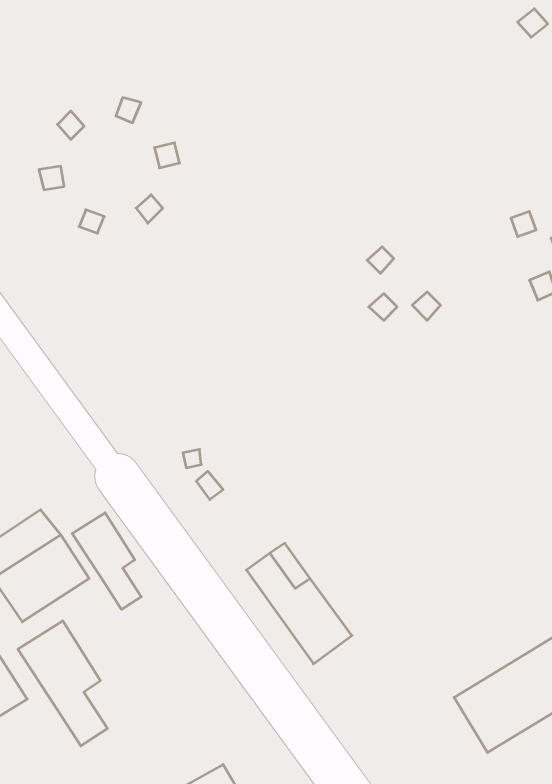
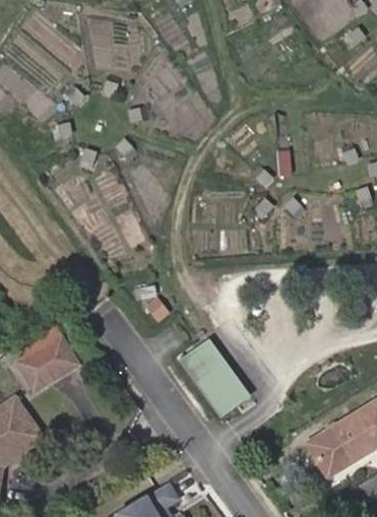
building: [72,513,141,609] -> none
building: [18,621,107,746] -> none

